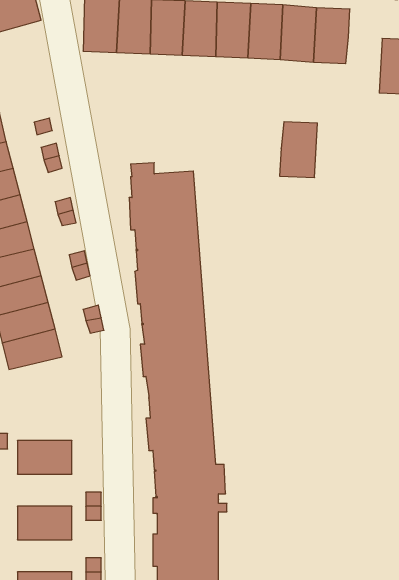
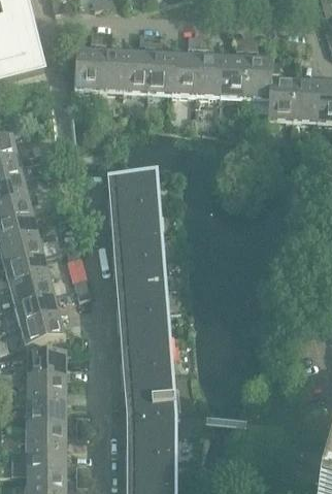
building: [280,122,317,178] -> [266,77,294,119]
building: none -> [19,314,64,344]
building: none -> [25,351,65,375]
building: none -> [25,400,65,424]
building: none -> [25,449,65,472]

